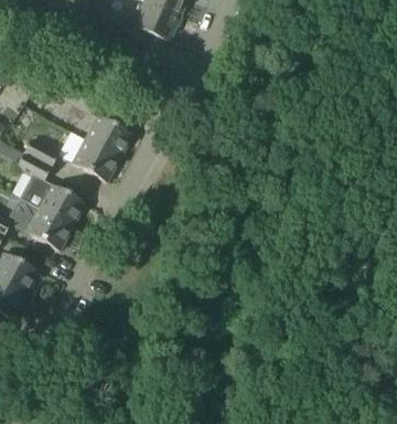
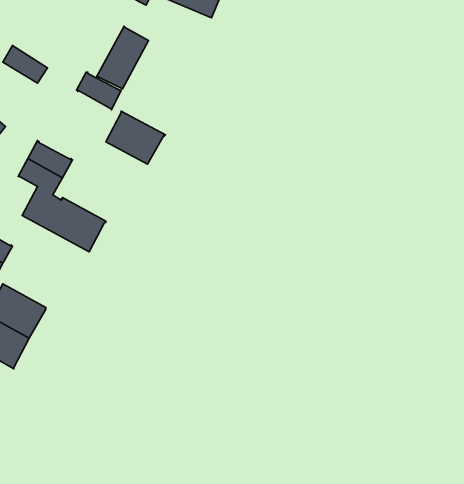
building: none -> [96,26,149,89]
building: [71,138,118,181] -> none
building: [9,197,72,250] -> none

